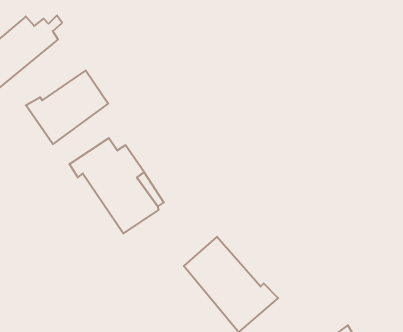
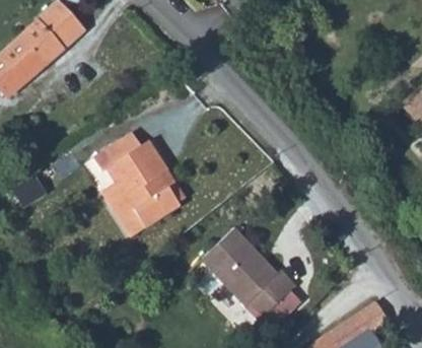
building: [26,71,108,144] -> none

